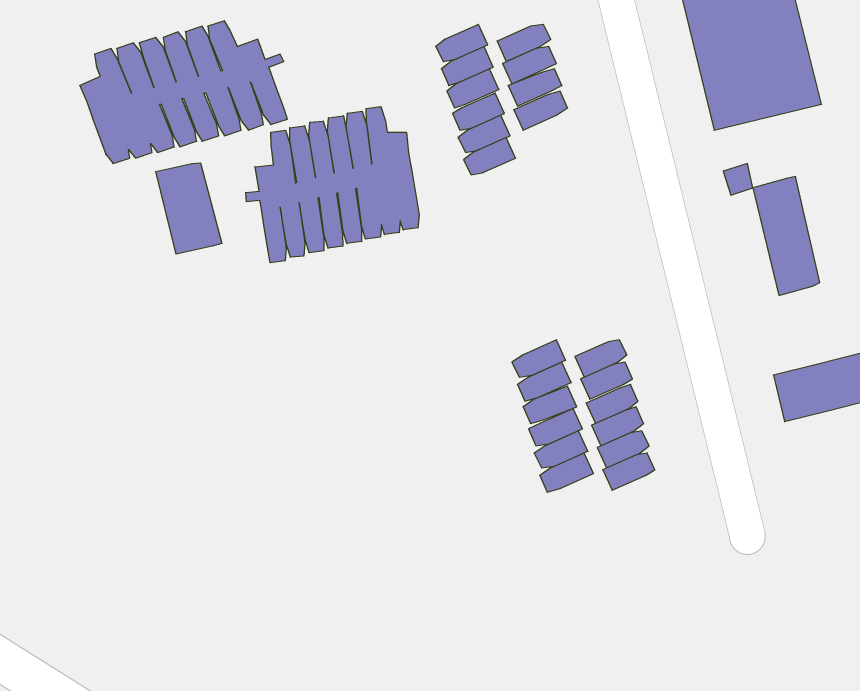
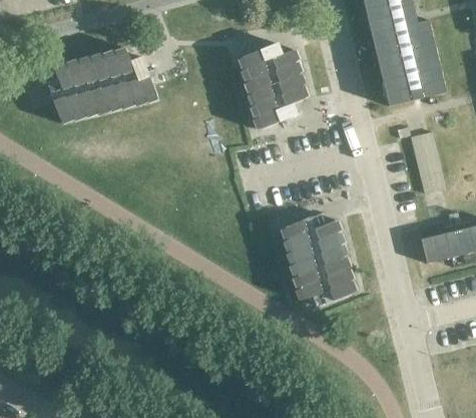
building: [246,107,419,263] -> none
building: [156,163,222,254] -> none

